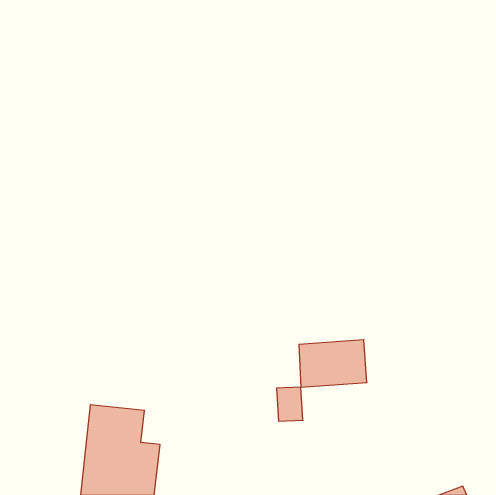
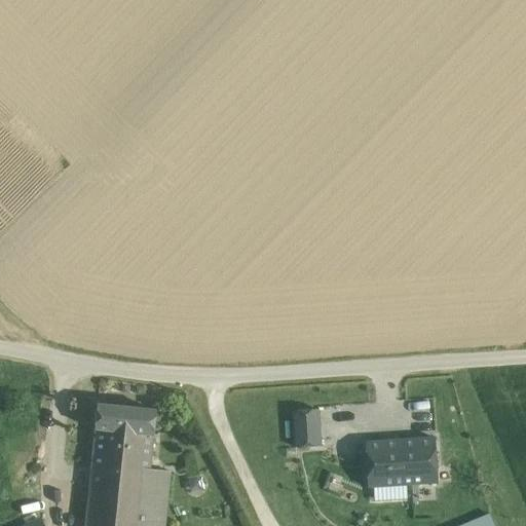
building: [299,340,367,387] -> [366,437,438,487]
building: none -> [95,404,156,435]

